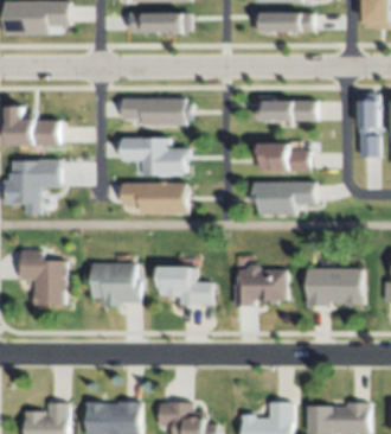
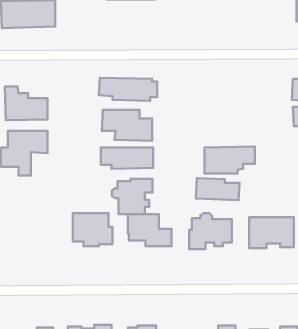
building: [255,12,315,33] -> none
building: [132,13,191,32] -> none
building: [258,95,316,117] -> none
building: [256,142,309,170] -> [196,178,239,200]
building: none -> [112,179,153,214]
building: [23,251,66,305] -> none

